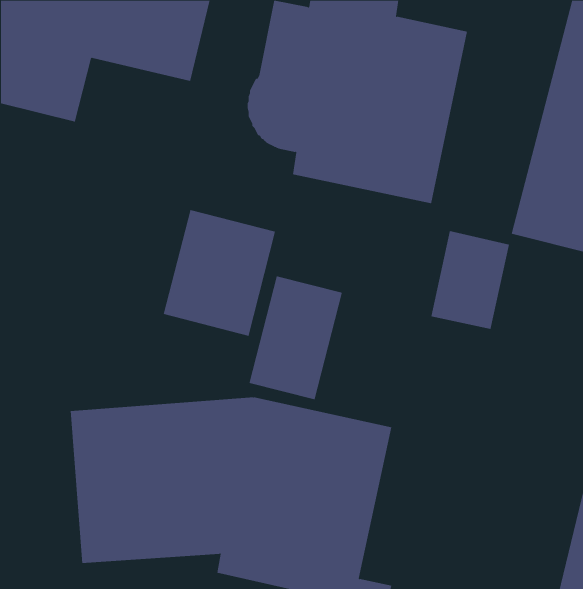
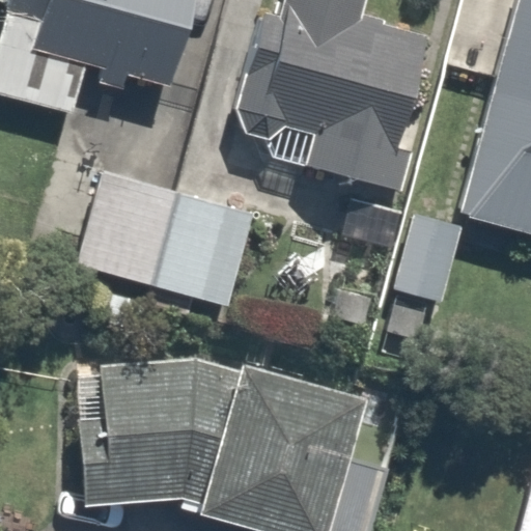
building: none -> [77,172,179,285]
building: [249,276,342,400] -> none

